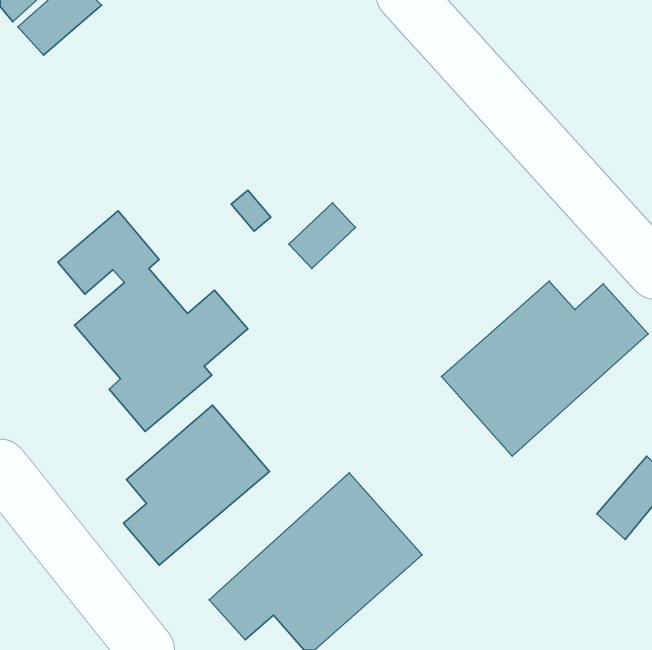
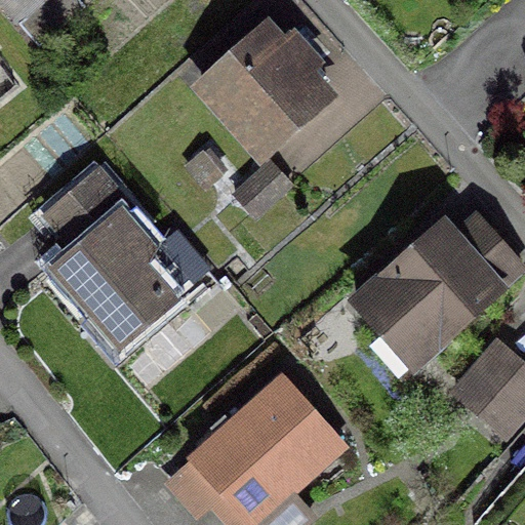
building: none -> [202,30,324,152]
building: [123,405,269,565] -> none

